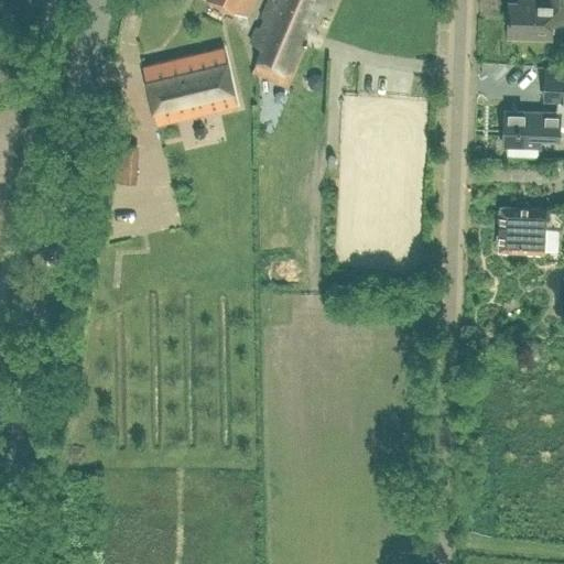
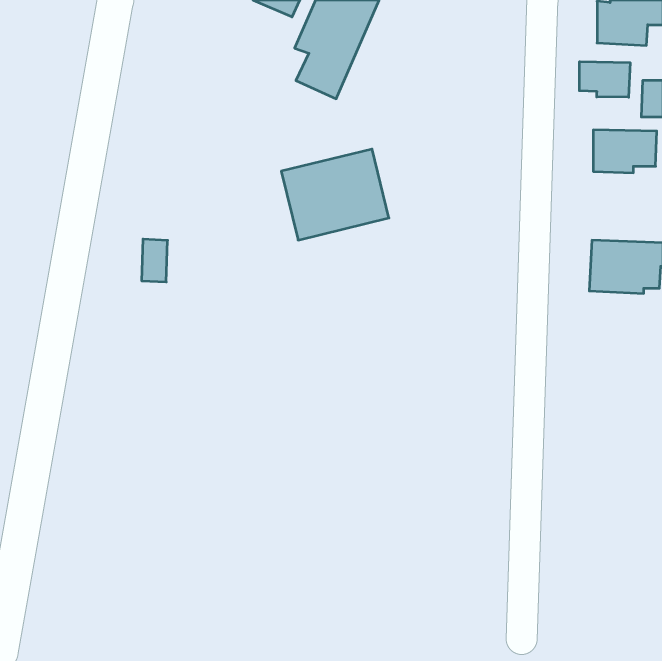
building: [144,46,236,123] -> [281,149,389,240]
building: none -> [579,62,630,97]
building: [113,147,135,183] -> [142,239,168,282]

